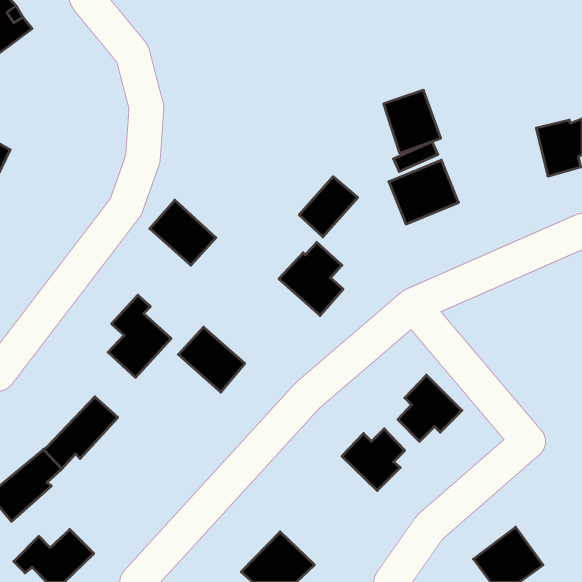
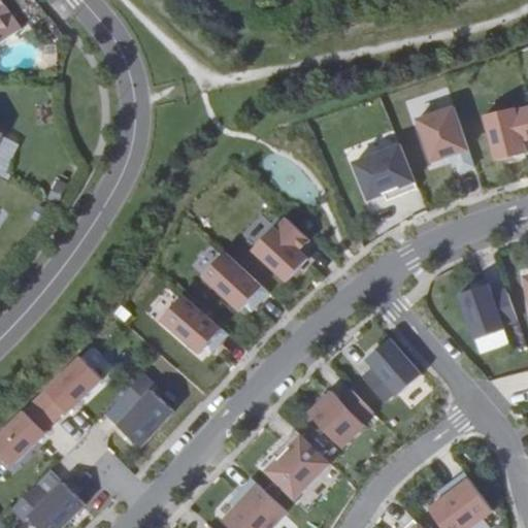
building: [384,90,441,153] -> [416,105,467,162]
building: [299,177,358,237] -> none
building: [150,200,216,265] -> [201,253,261,311]
building: [108,295,171,377] -> [114,372,171,447]
building: none -> [455,282,516,341]
building: none -> [262,431,328,497]

